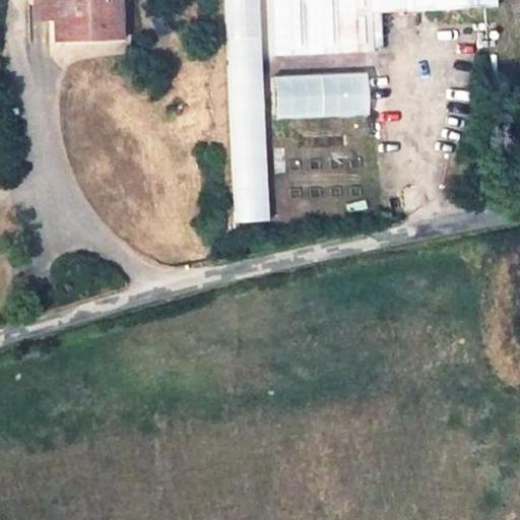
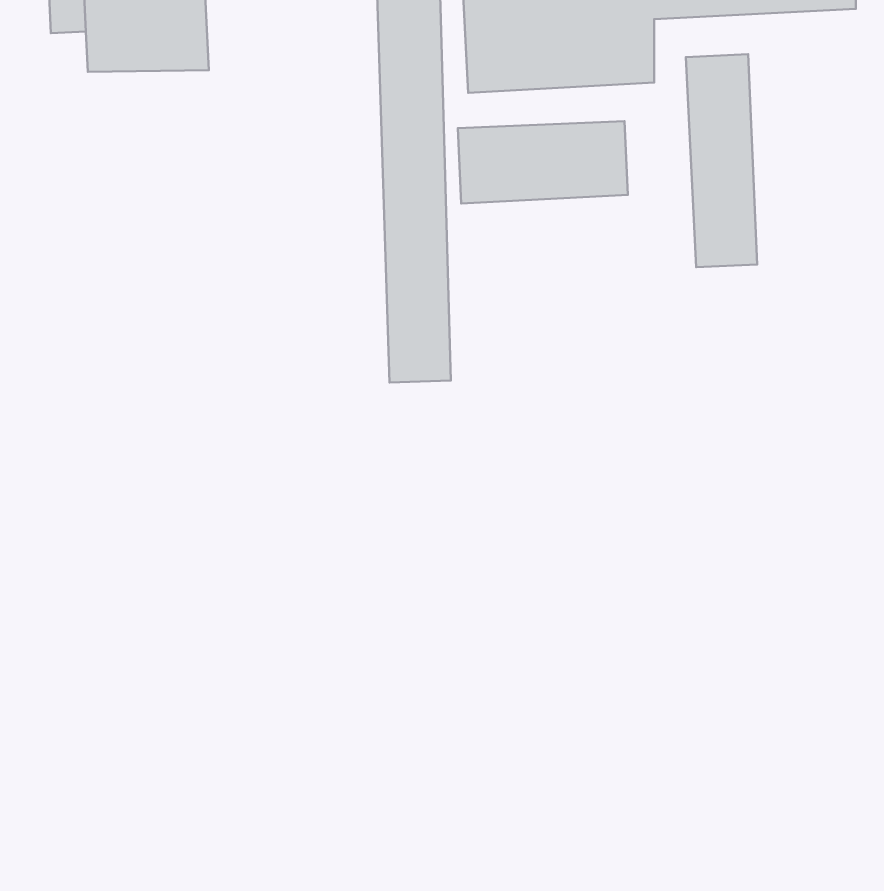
building: none -> [686,54,757,267]

